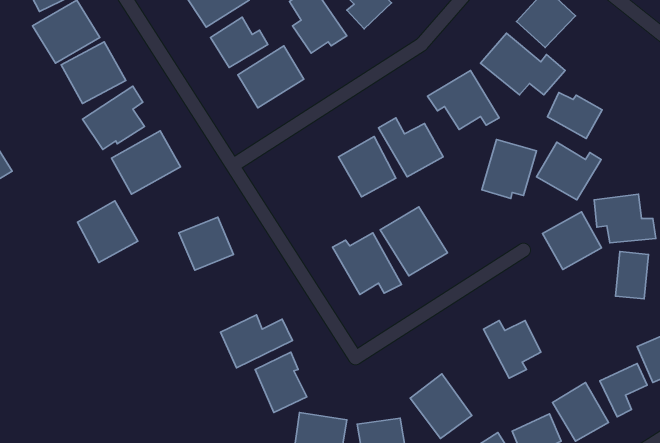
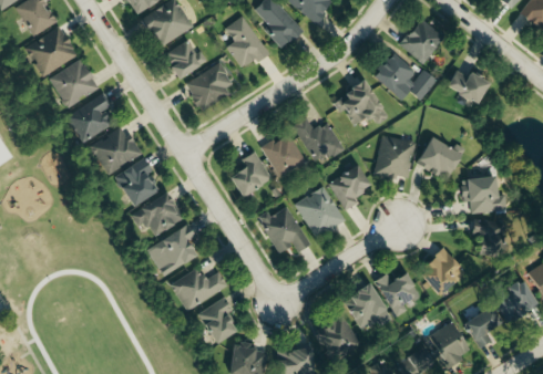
building: [547,92,602,138] -> [447,70,489,105]
building: none -> [228,150,273,198]
building: none -> [328,165,370,211]
building: [77,201,138,263] -> [114,159,161,207]
building: [543,212,602,269] -> [418,249,463,293]
building: none -> [147,224,196,277]
building: none -> [341,284,389,333]

